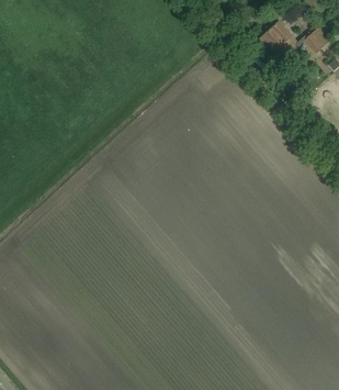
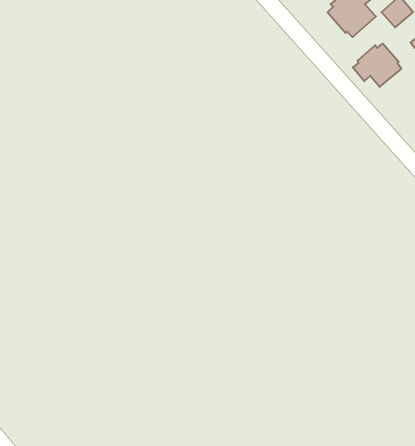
building: none -> [353,44,401,87]

